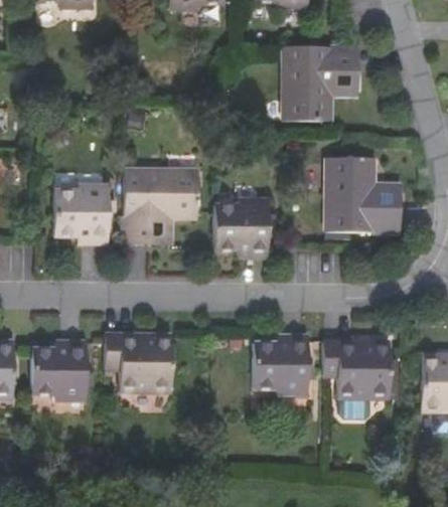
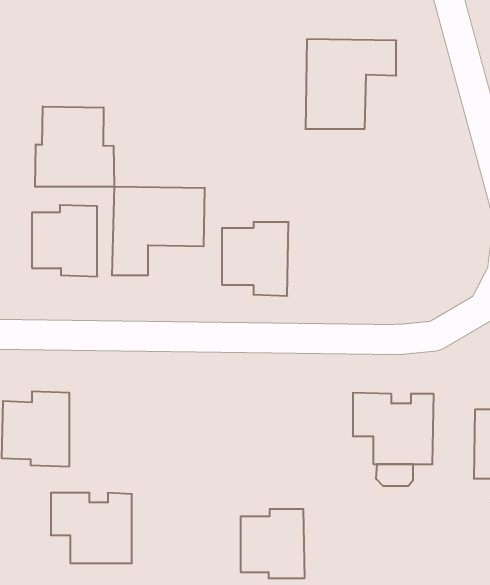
building: none -> [35,106,114,187]
building: [324,157,402,231] -> none
building: [103,334,170,392] -> [51,493,132,563]
building: [255,337,308,394] -> [241,509,305,578]

